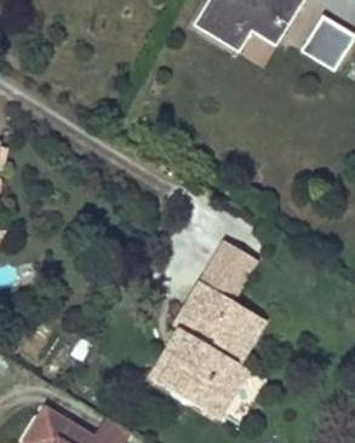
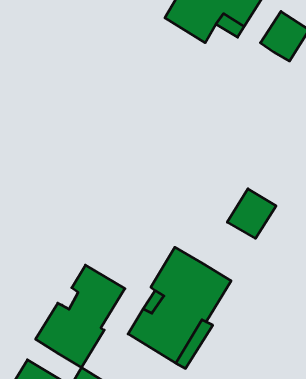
building: [205,242,259,298] -> [227,189,276,238]
building: none -> [36,265,125,367]

